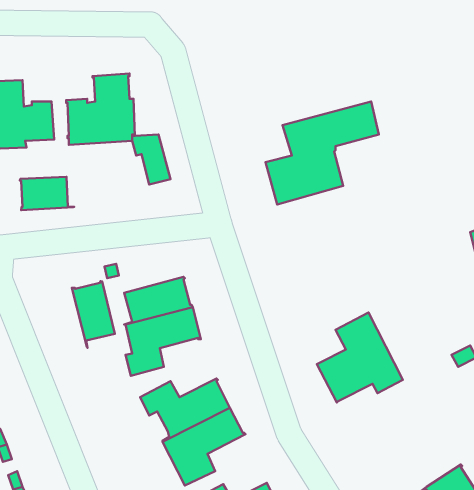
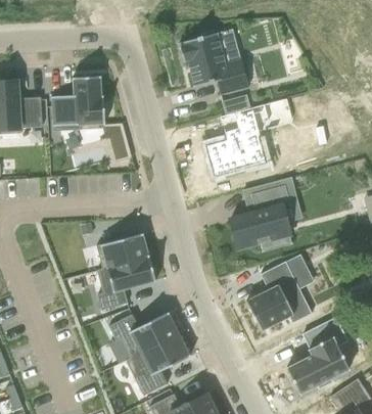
building: none -> [180,30,249,94]
building: [20,177,74,210] -> none
building: none -> [231,185,293,251]
building: [72,281,115,348] -> none
building: none -> [287,317,350,394]

